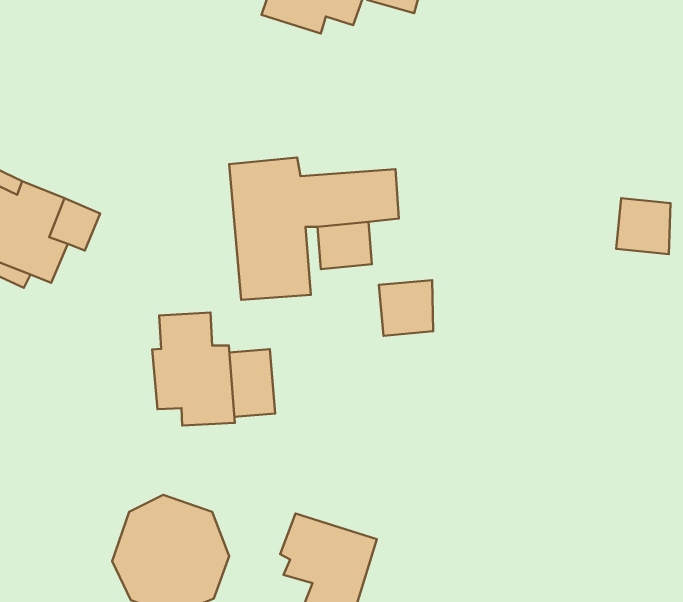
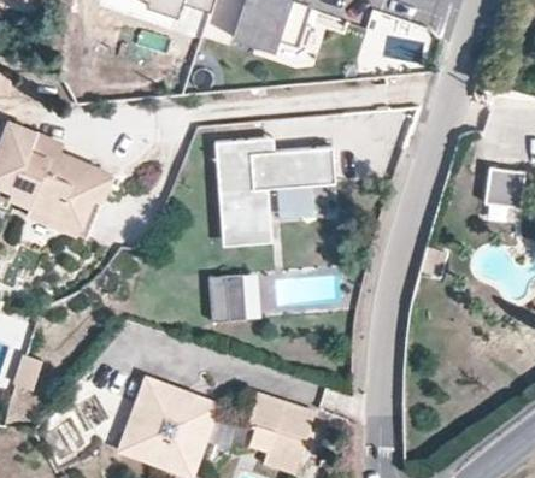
building: [379,280,433,336] -> none
building: [152,312,235,425] -> none

